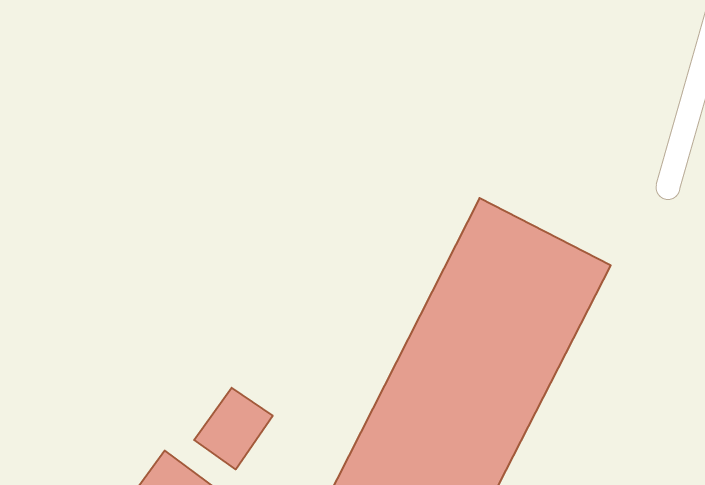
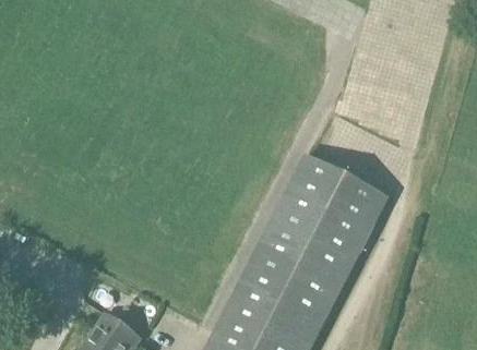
building: [194,388,273,469] -> none

